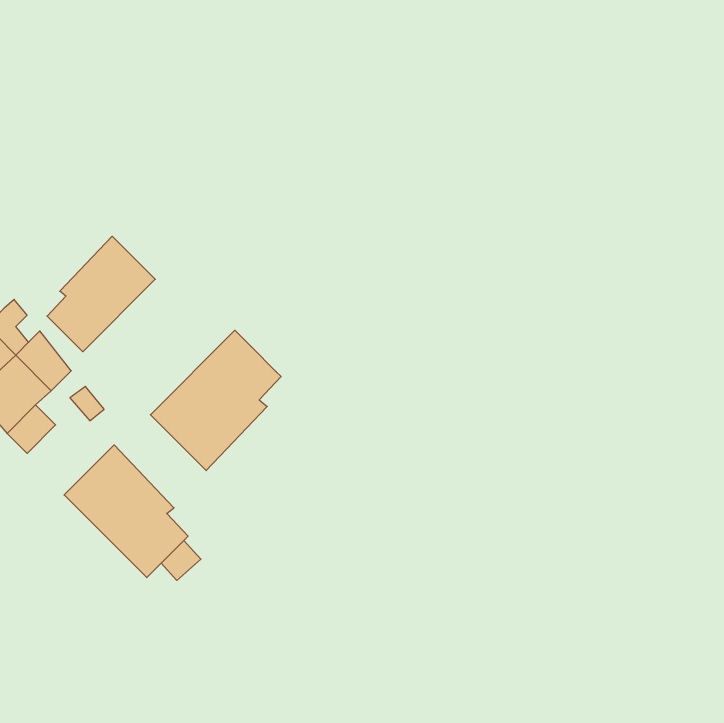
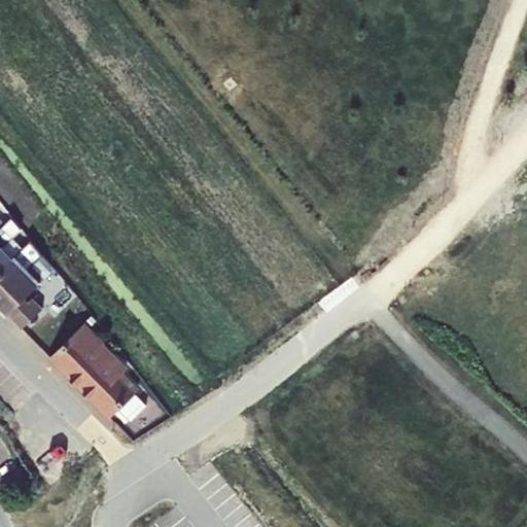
building: [47,236,155,352] -> none
building: [150,330,281,471] -> none

